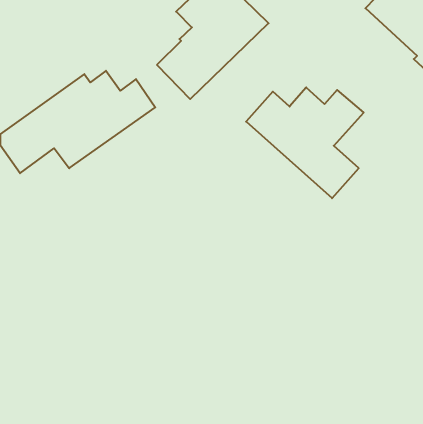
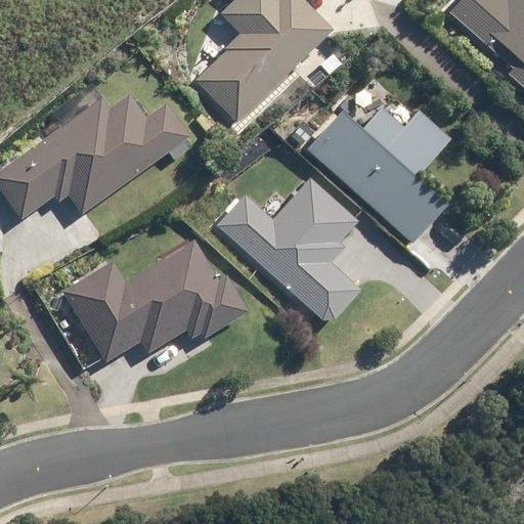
building: none -> [218,178,362,320]
building: none -> [62,239,248,361]

